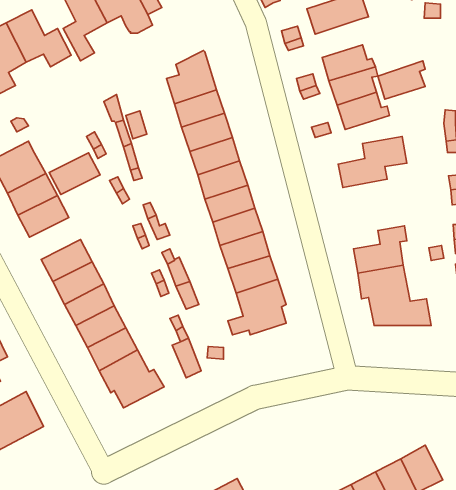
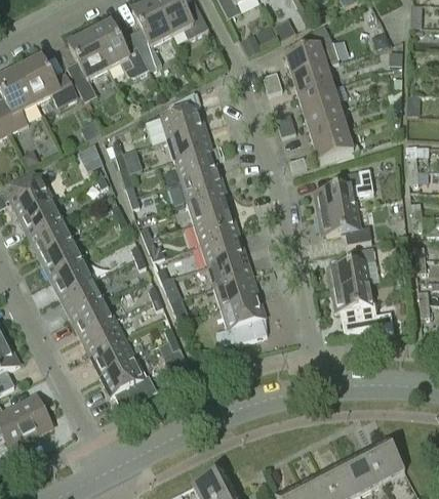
building: [378,61,425,99] -> [291,65,333,98]
building: [49,153,100,195] -> [39,240,84,277]
building: none -> [316,206,369,243]

